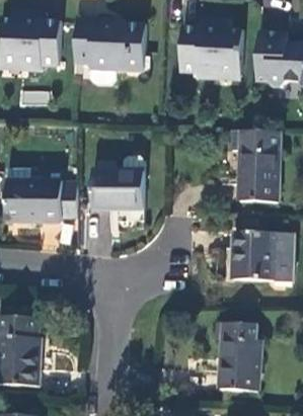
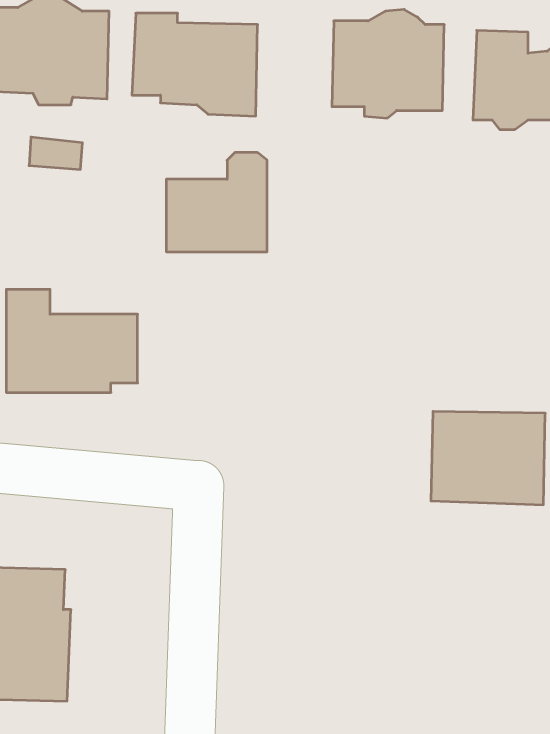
building: [231,131,280,201] -> none
building: [91,156,145,209] -> [166,153,267,252]
building: [219,319,259,392] -> none

